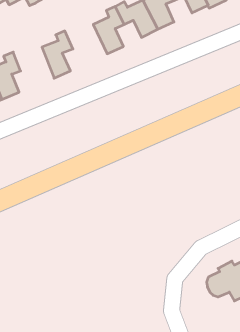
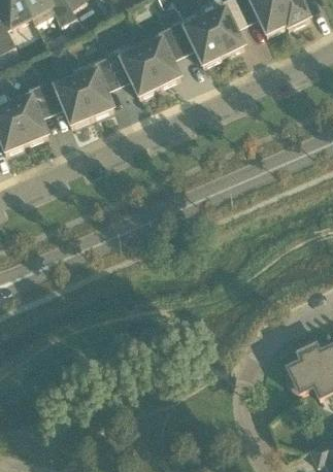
building: none -> [106,48,160,96]
building: none -> [41,77,93,125]

